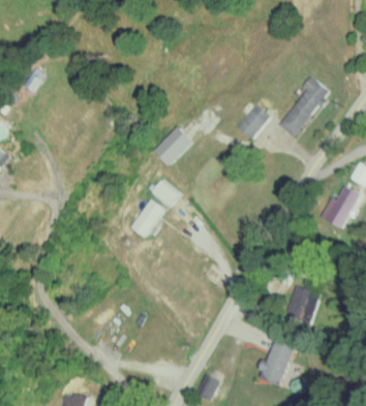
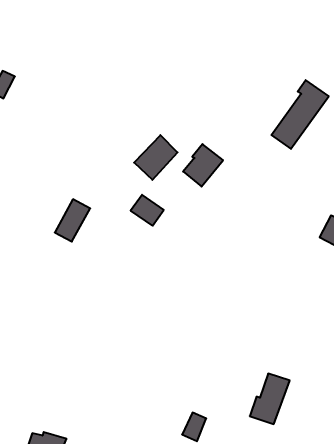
building: [235,102,271,140] -> [183,144,223,187]
building: [131,199,163,238] -> [55,199,90,242]
building: [285,286,318,323] -> none

